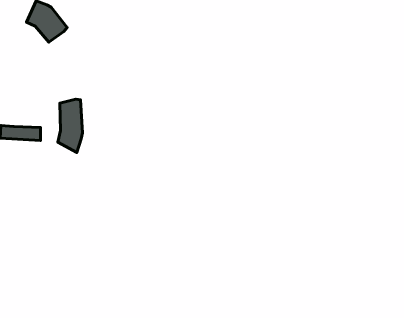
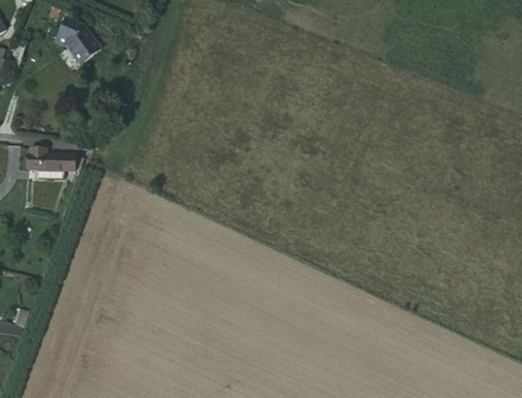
building: [58,99,83,153] -> none

